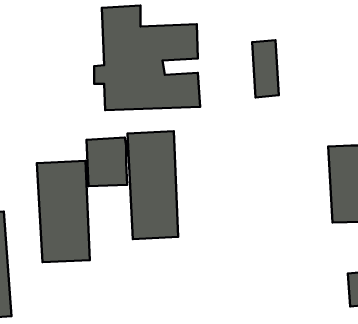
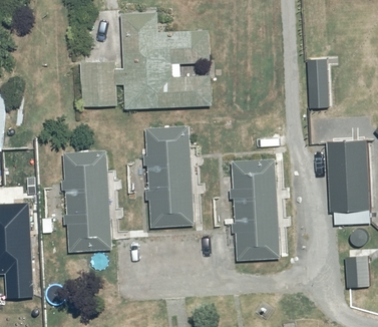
building: [252,40,279,97] -> [306,57,330,109]
building: [86,138,127,186] -> [78,61,115,105]
building: none -> [229,161,282,256]

